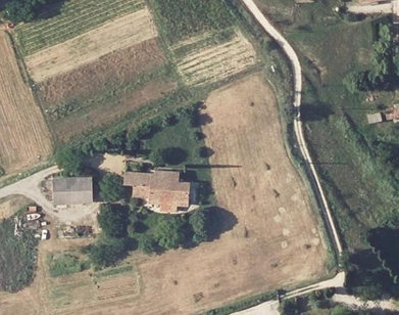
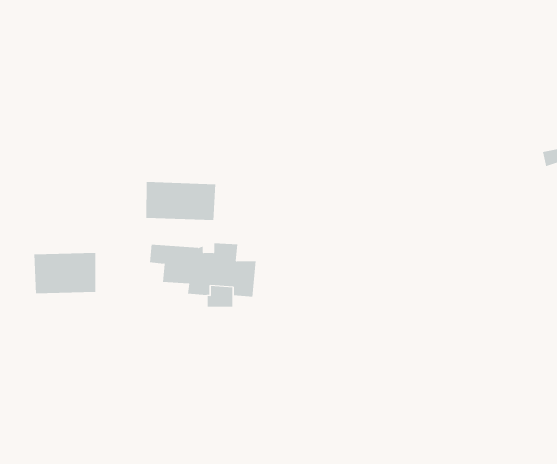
building: none -> [146,181,216,221]

